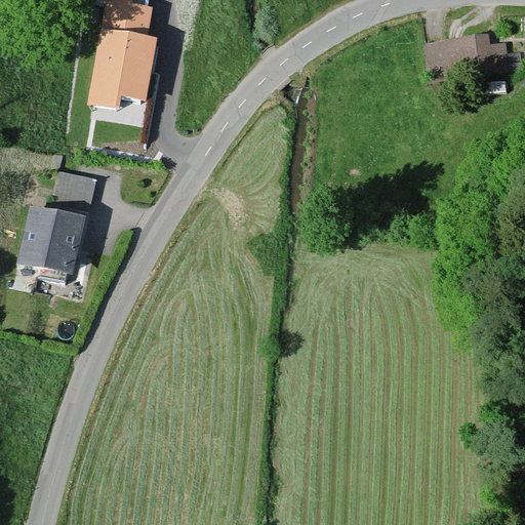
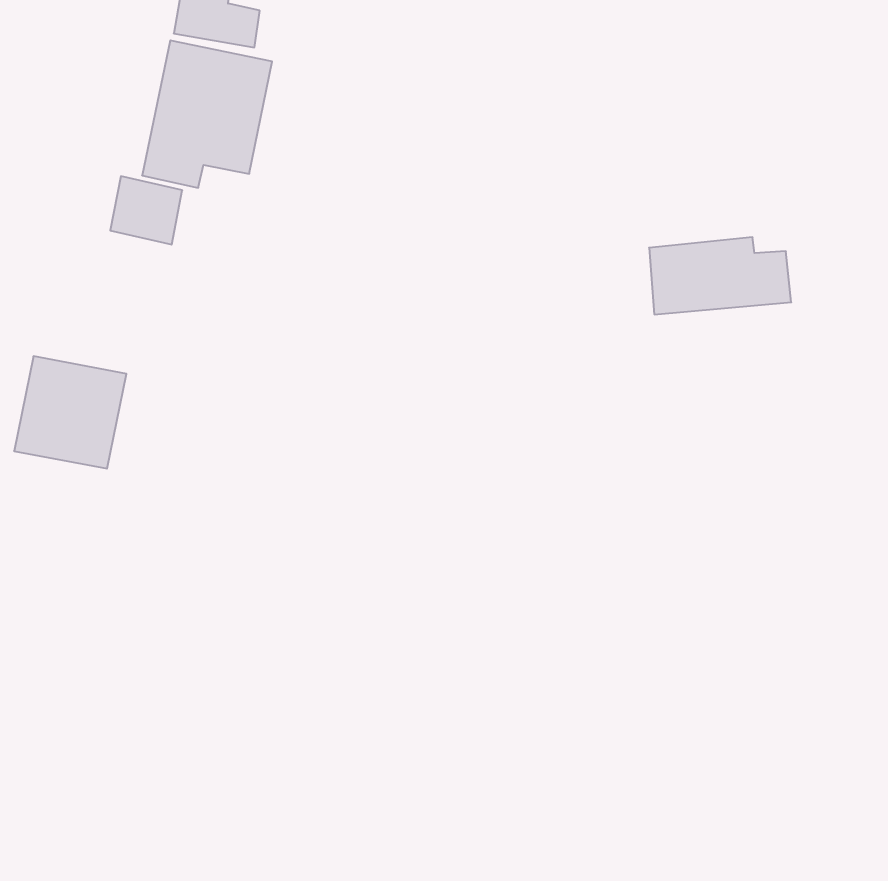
building: [427,32,510,77] -> [649,237,791,314]
building: [52,170,94,210] -> [110,176,182,245]

